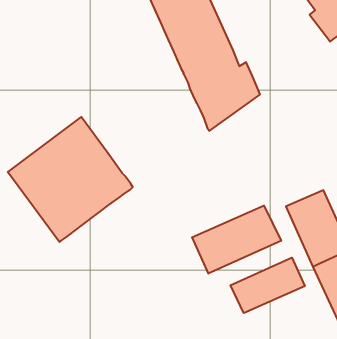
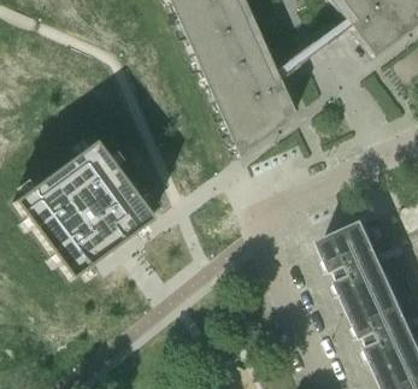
building: [192,206,281,274] -> none
building: [230,258,305,313] -> none

